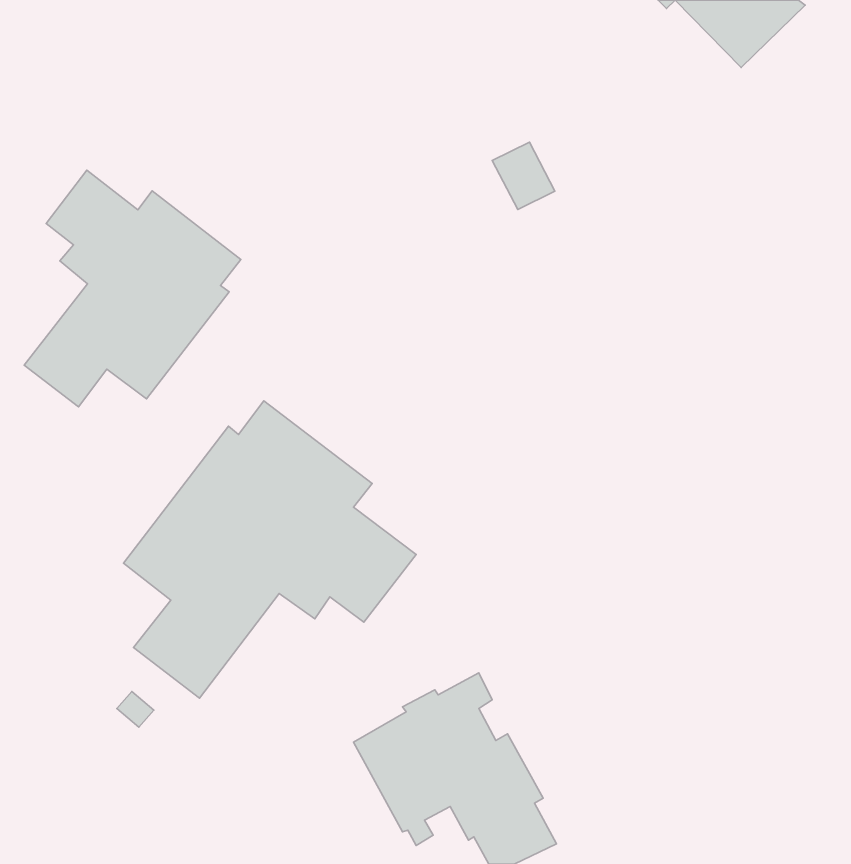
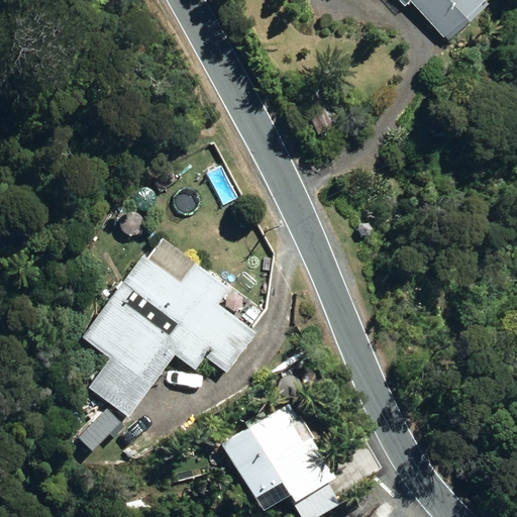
building: [24,170,241,407] -> none

